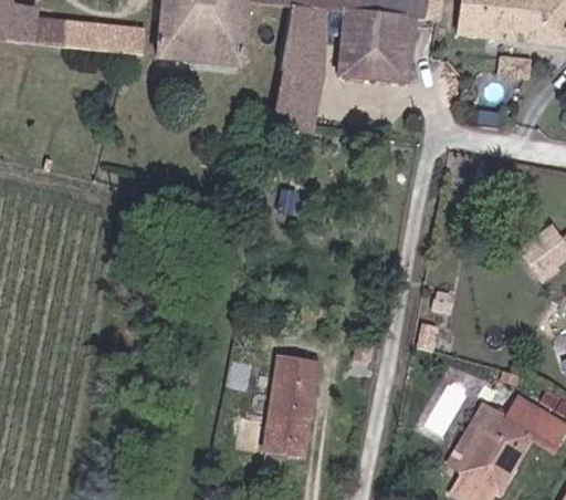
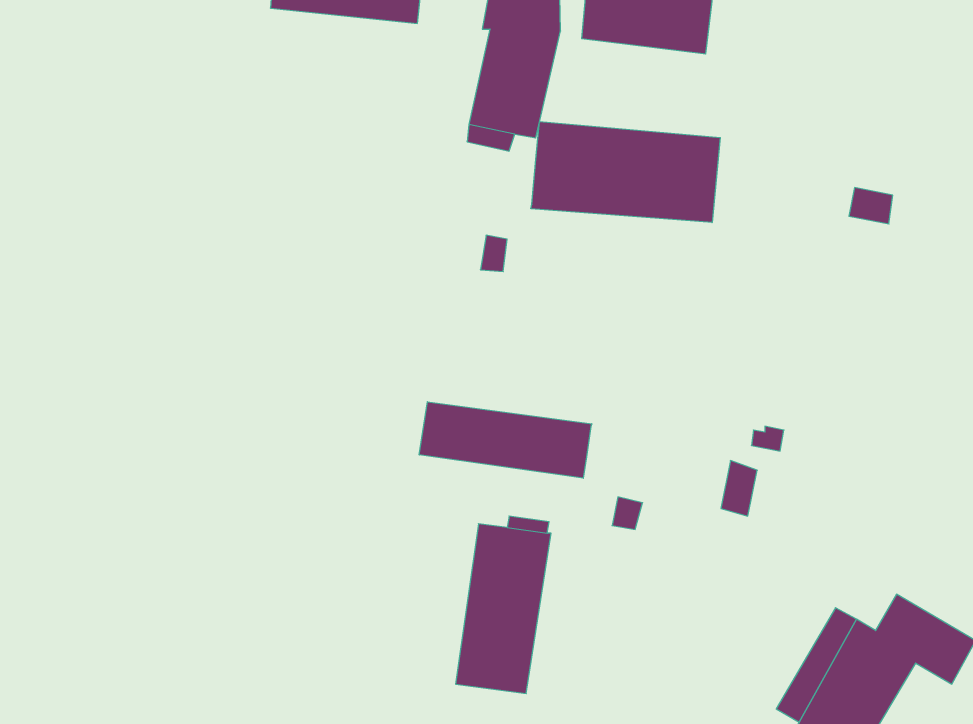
building: none -> [531,121,720,223]
building: none -> [419,402,592,478]

